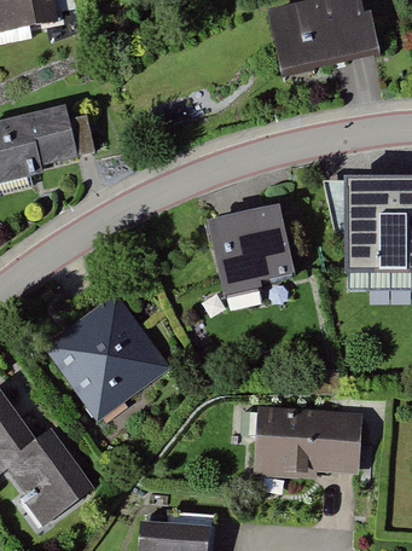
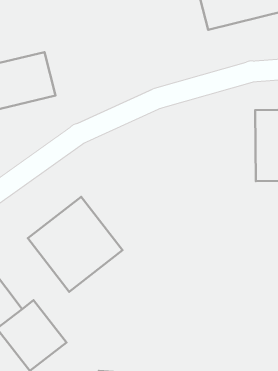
building: [205,204,295,294] -> none
building: [254,407,360,480] -> none

